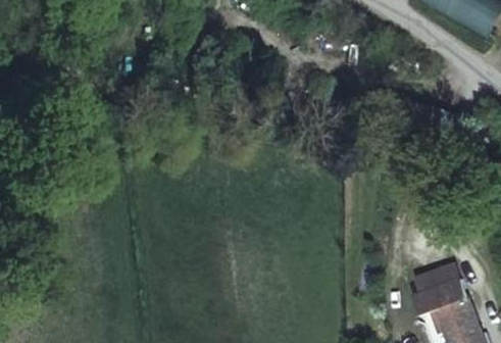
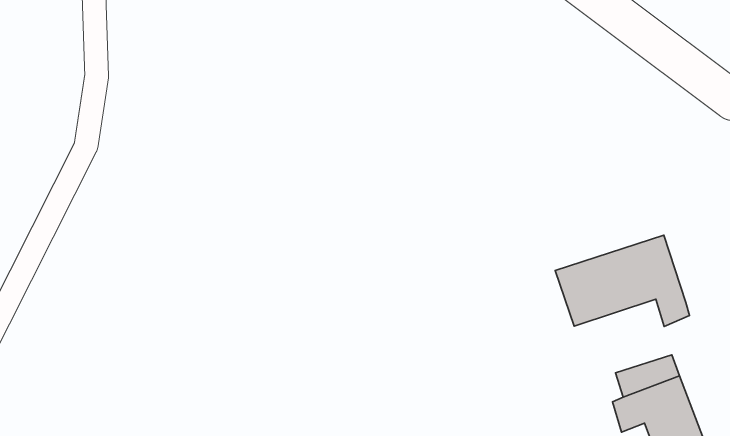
building: none -> [555,235,690,327]

